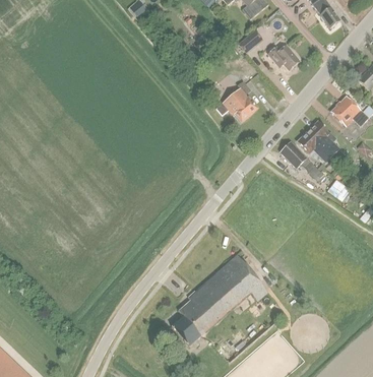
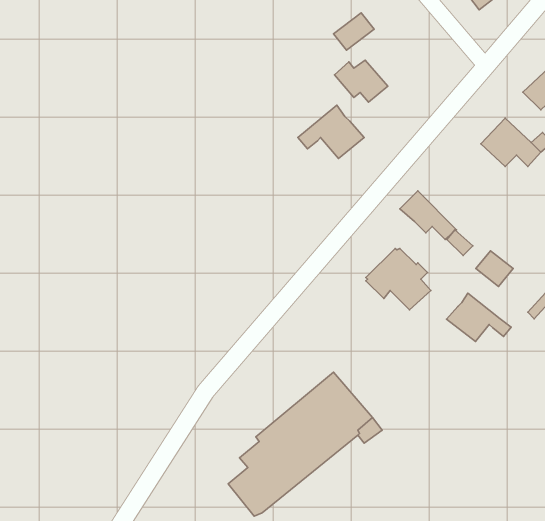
building: [266,45,300,71] -> [334,60,388,102]
building: [298,122,338,161] -> [366,248,431,310]
building: none -> [447,293,511,341]

